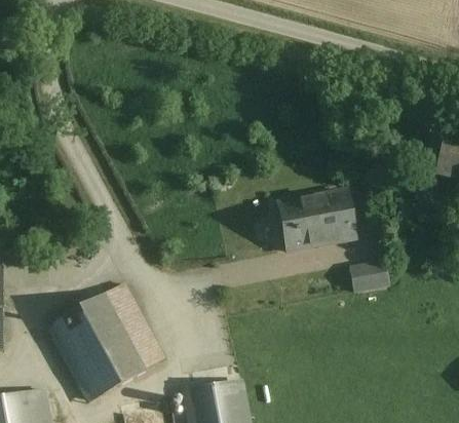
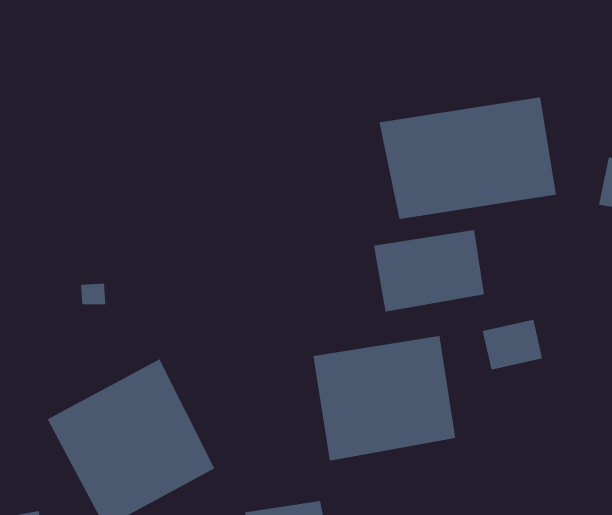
building: none -> [379,96,557,220]
building: none -> [313,335,456,462]

